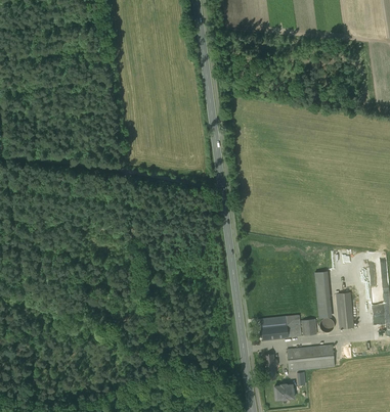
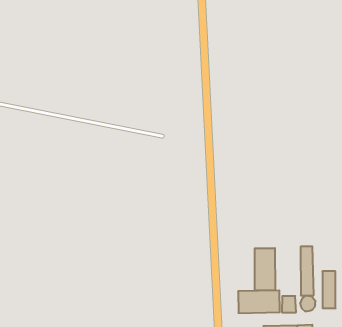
building: none -> [255,248,275,290]

